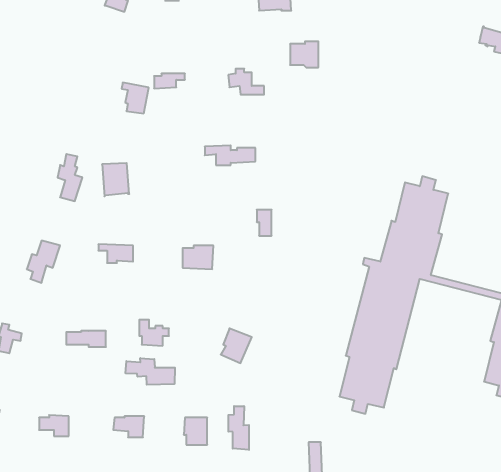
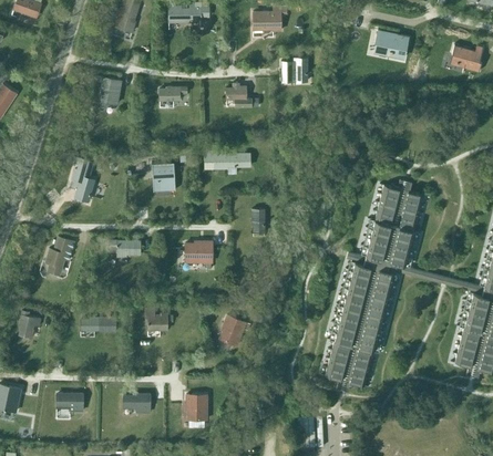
building: none -> [376,30,408,55]
building: [122,83,149,113] -> [96,76,121,104]
building: [102,163,129,196] -> [150,163,174,193]
building: [126,358,175,385] -> none
building: [228,406,249,450] -> none

